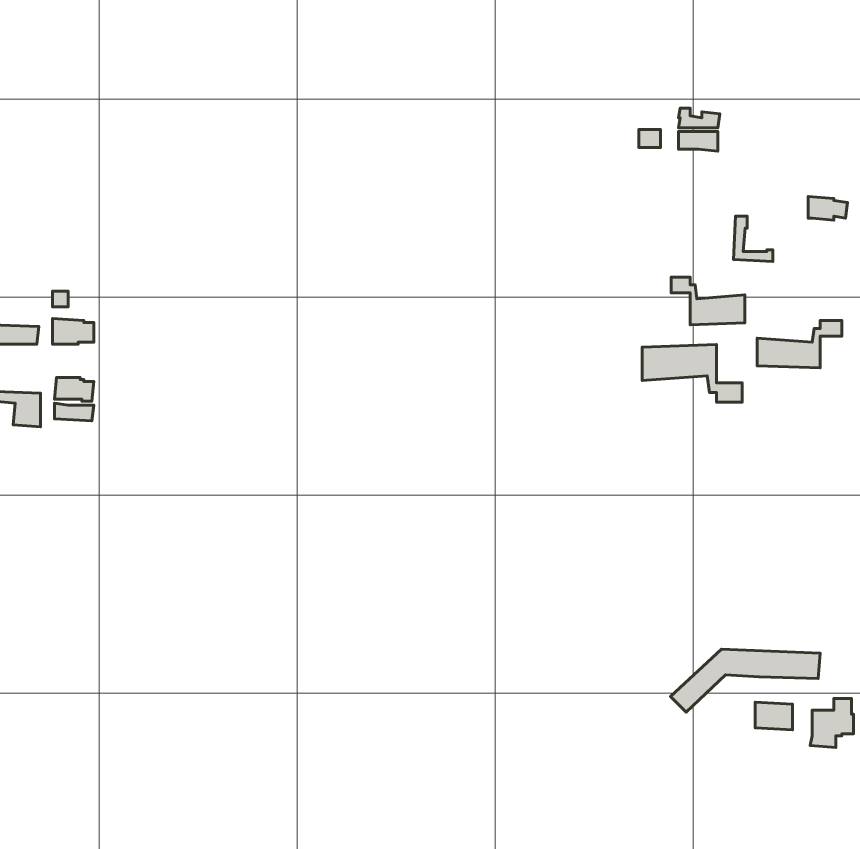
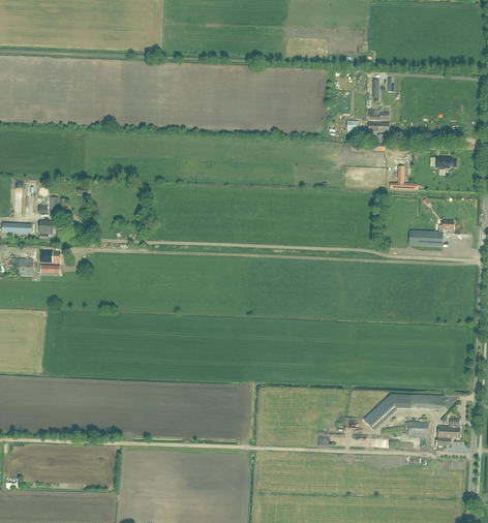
building: [671,277,745,325] -> none
building: [642,345,742,402] -> none

